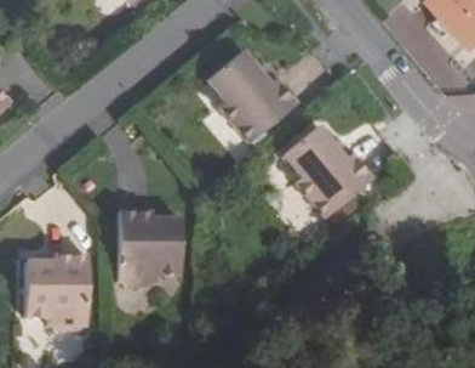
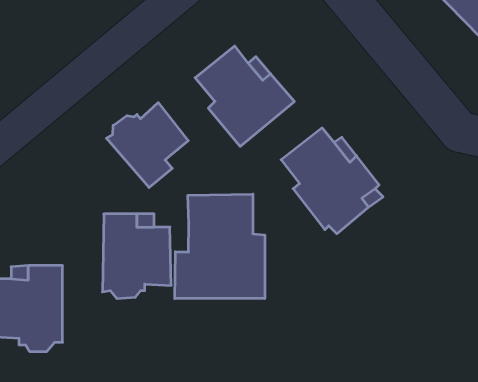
building: none -> [106,103,188,188]
building: none -> [175,194,265,299]

